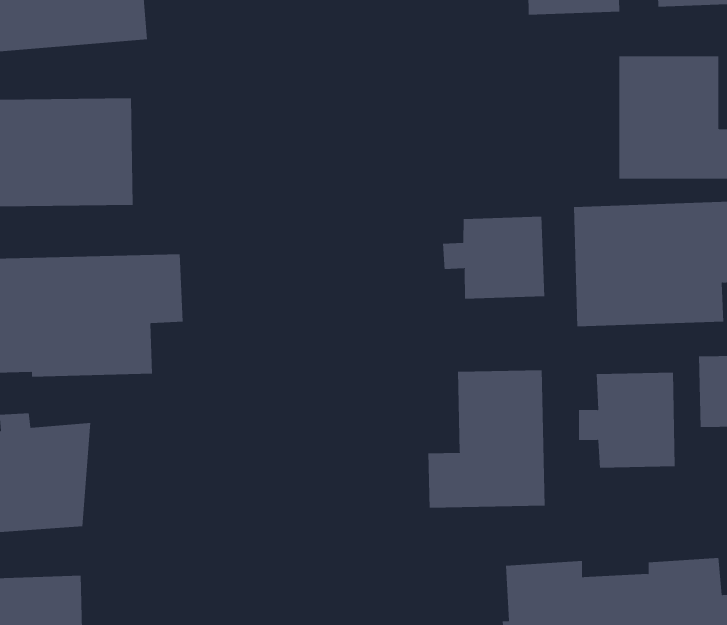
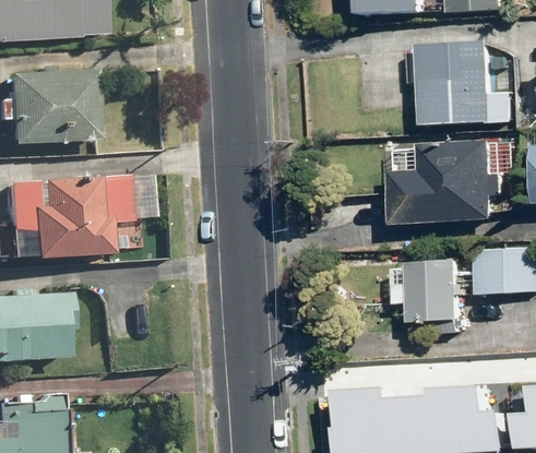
building: [443,216,545,300] -> none
building: [428,369,545,509] -> none

